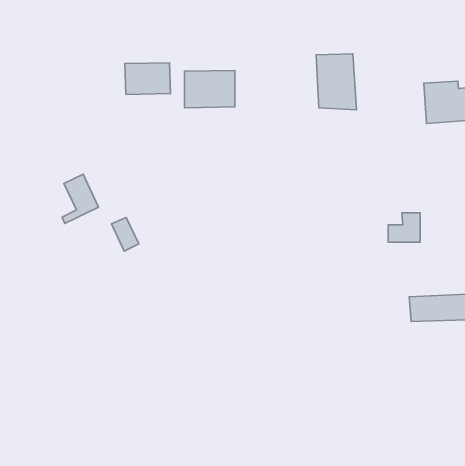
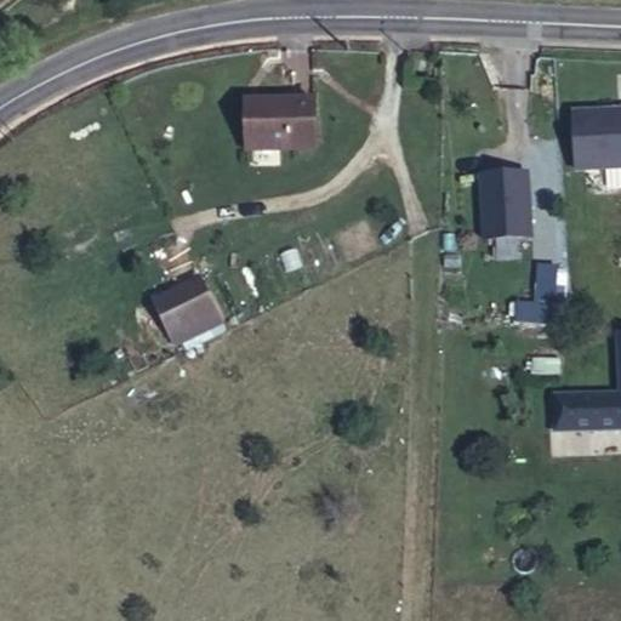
building: [316,54,356,110] -> [482,167,535,241]
building: [125,63,171,94] -> none
building: [62,174,99,224] -> [167,278,216,343]

